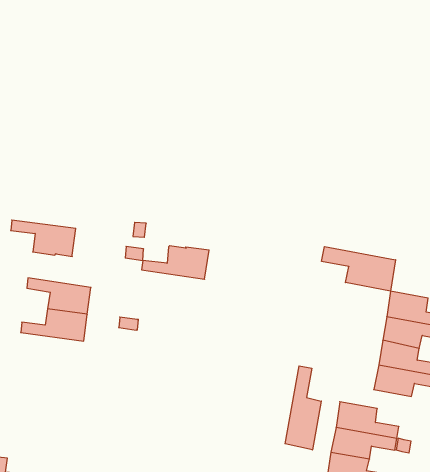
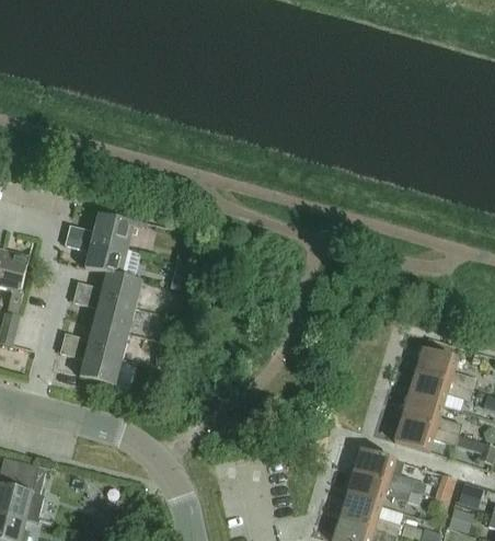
building: none -> [68,216,135,252]
building: [142,246,209,279] -> [77,274,143,310]
building: [322,247,396,291] -> none
building: none -> [61,345,123,387]
building: [285,366,321,450] -> none

